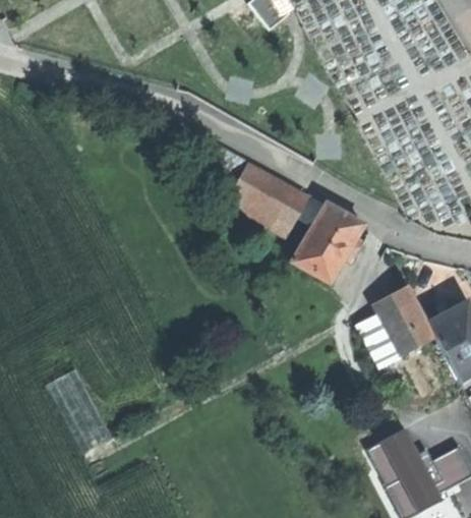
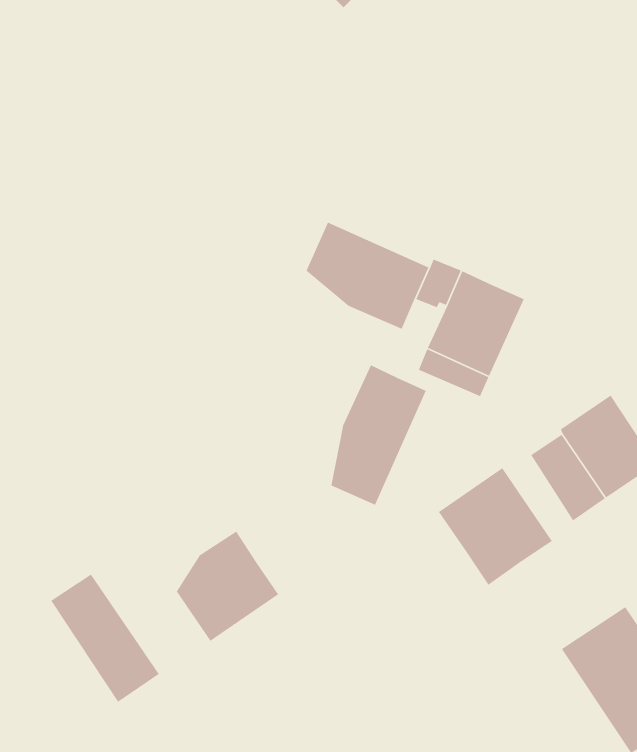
building: none -> [330,364,427,506]
building: none -> [438,467,553,586]
building: none -> [176,531,279,642]

